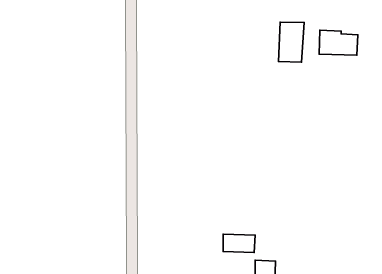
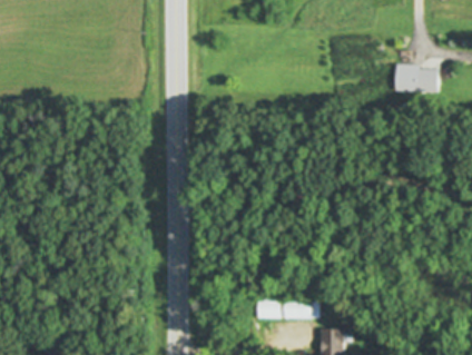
building: [279,22,304,62] -> none
building: none -> [257,298,281,319]

